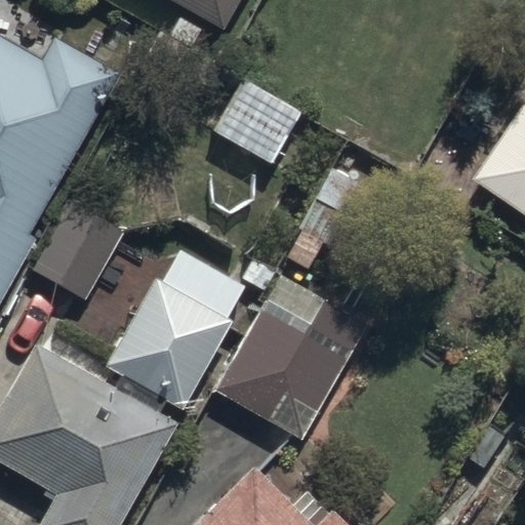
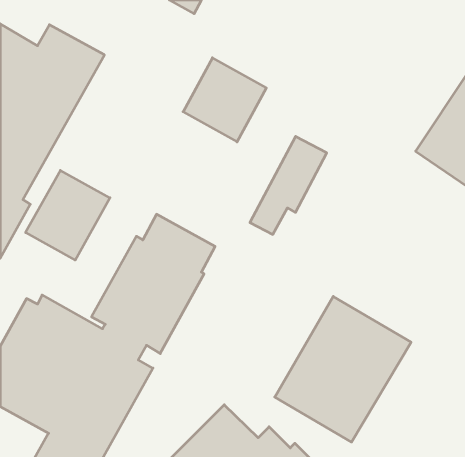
building: [214,277,367,440] -> [275,296,411,442]

